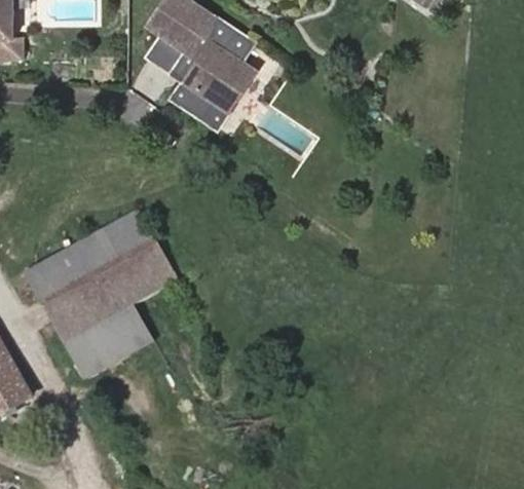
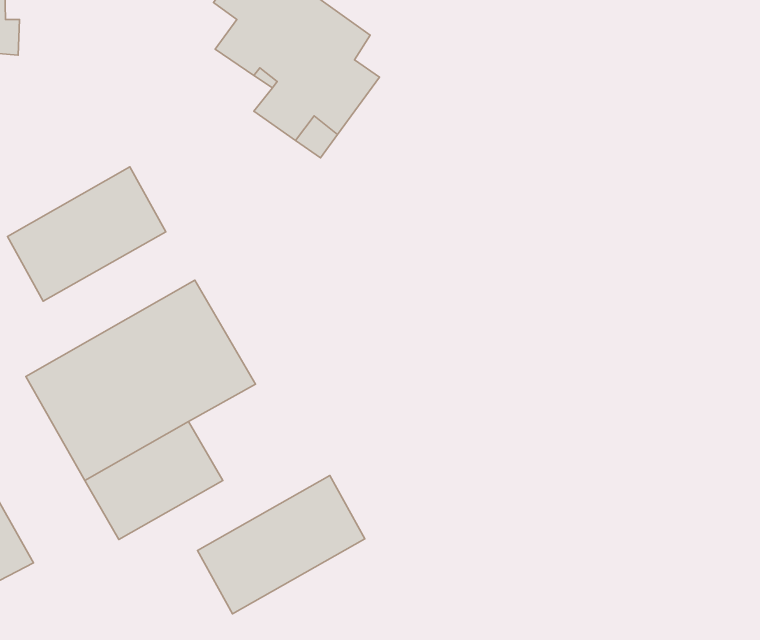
building: none -> [7,167,166,301]
building: none -> [197,475,365,614]

